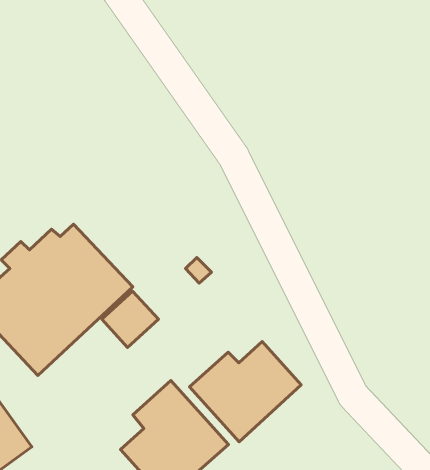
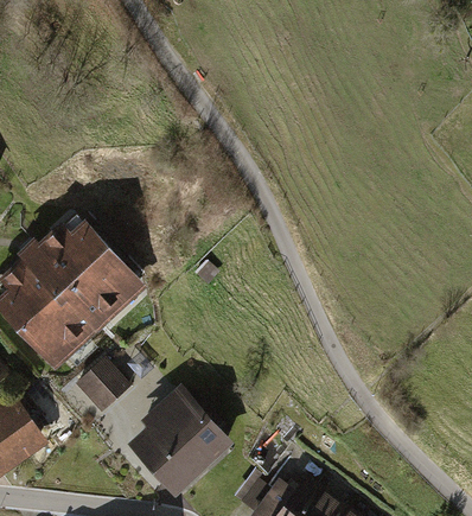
building: [102,291,158,348] -> [72,352,127,407]
building: [190,341,301,442] -> none

